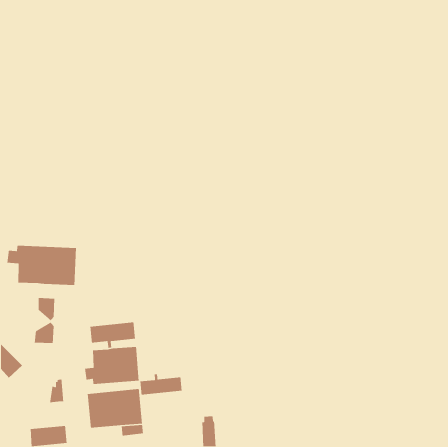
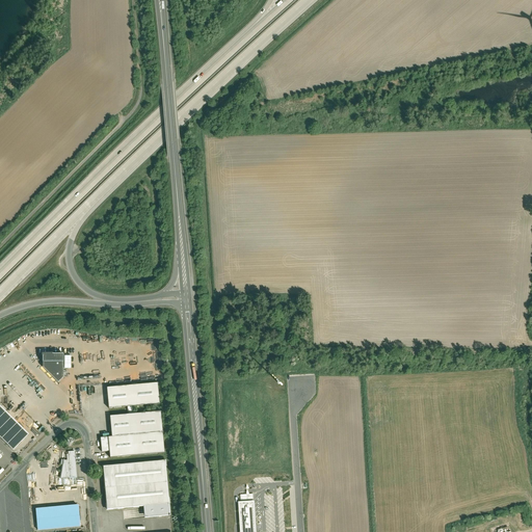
building: [6,245,77,286] -> none
building: [34,322,54,344] -> none
building: [139,374,183,396] -> none

